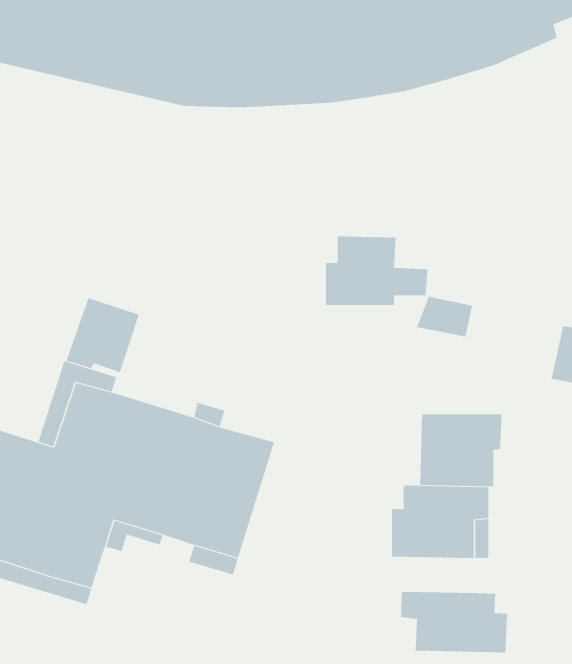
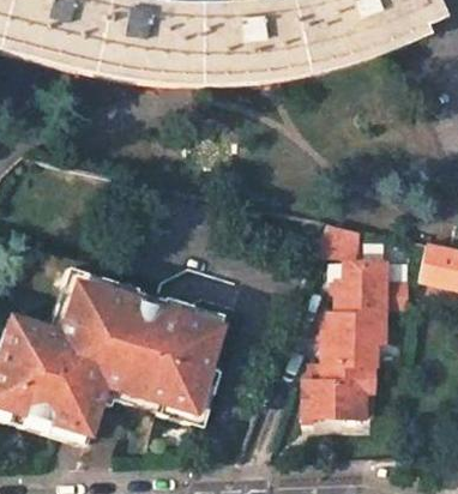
building: [325,236,428,306] -> [341,255,415,306]
building: [66,298,140,373] -> none
building: [400,591,508,653] -> none

